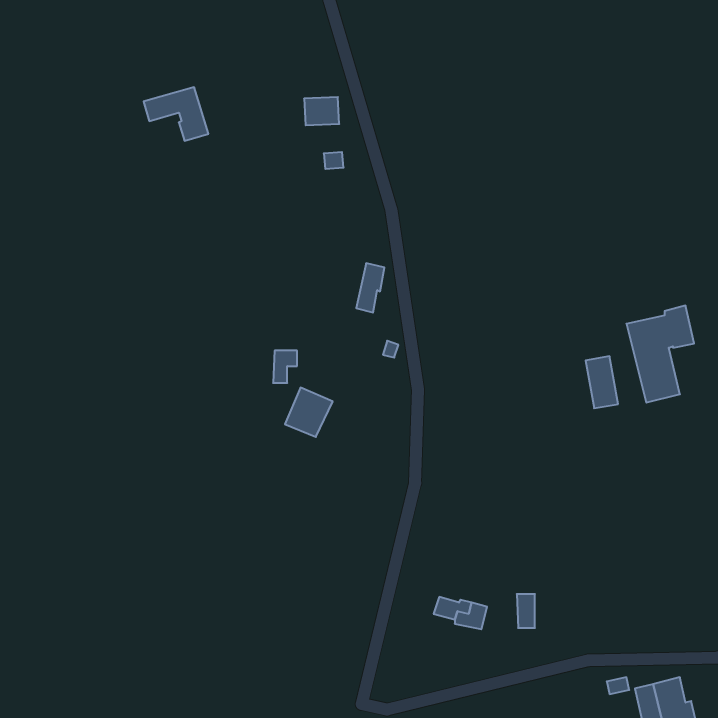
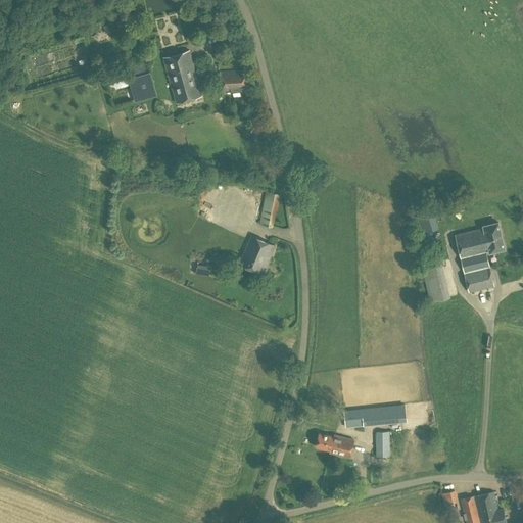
building: none -> [163,52,201,103]
building: [285,388,333,437] -> [239,237,274,273]
building: none -> [348,405,401,428]

